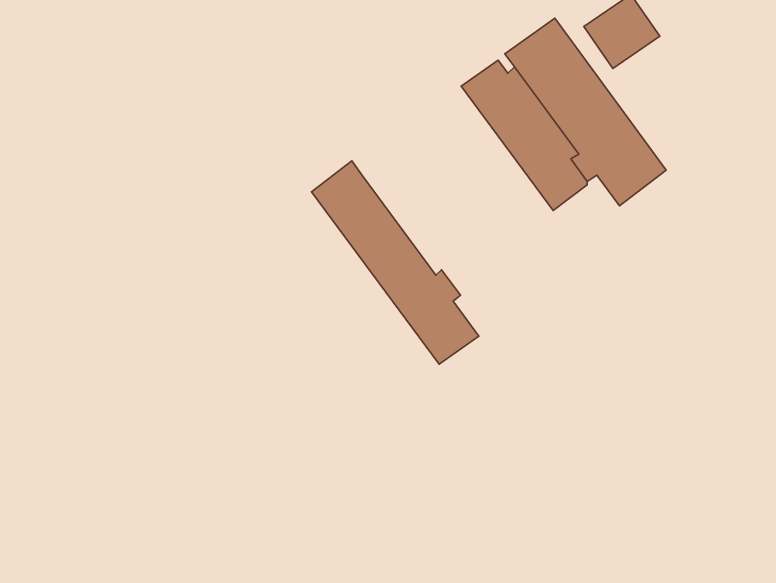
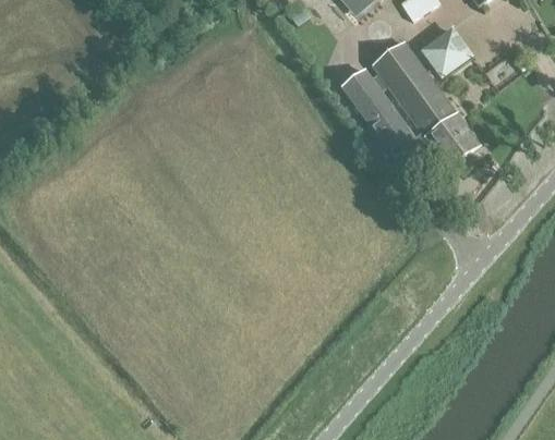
building: [312,161,479,364] -> none

